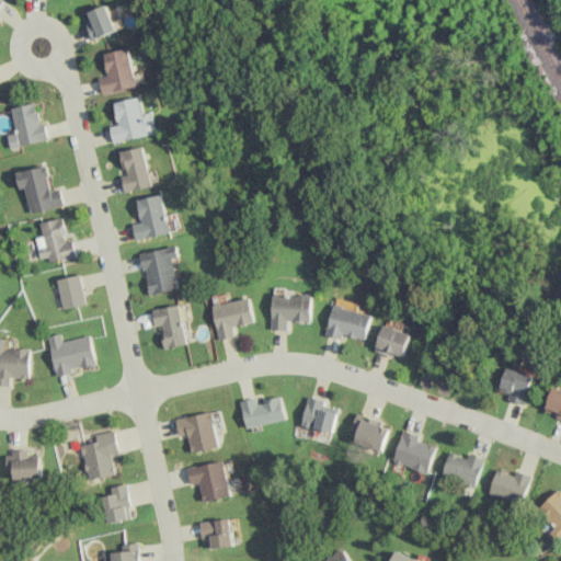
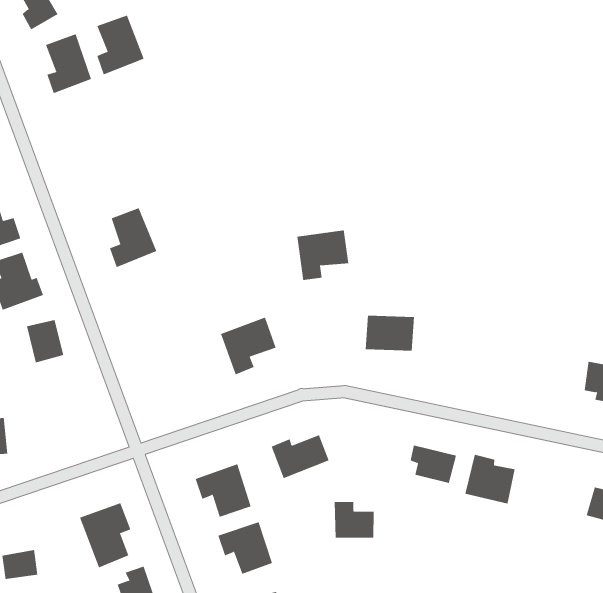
building: [110,98,148,144] -> [97,15,144,75]
building: [121,147,150,192] -> none
building: [138,245,179,296] -> none
building: [272,295,311,331] -> [297,230,349,281]
building: [150,305,187,350] -> none
building: [375,327,410,359] -> none
building: [45,334,94,375] -> none
building: [301,398,336,432] -> [334,502,375,538]
building: [439,453,482,488] -> none

